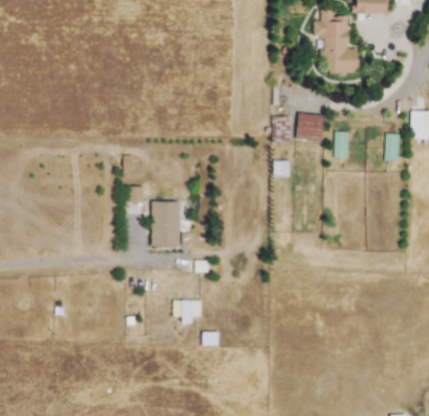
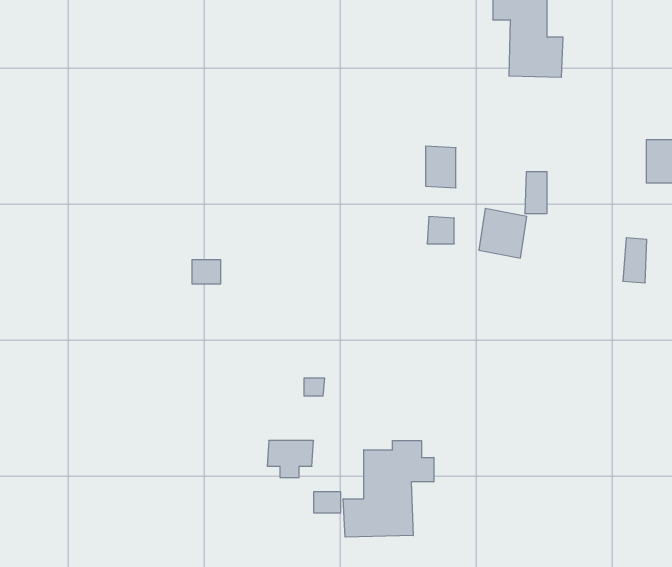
building: [296,111,326,142] -> [479,208,527,258]
building: [385,132,400,160] -> [623,238,647,283]
building: [151,200,180,247] -> none
building: none -> [343,441,434,537]

